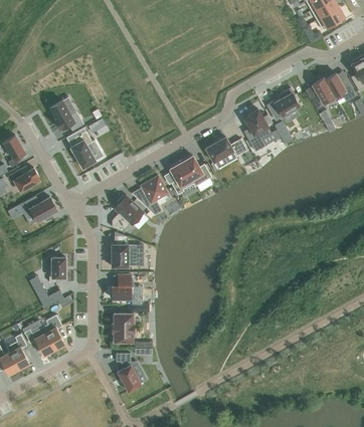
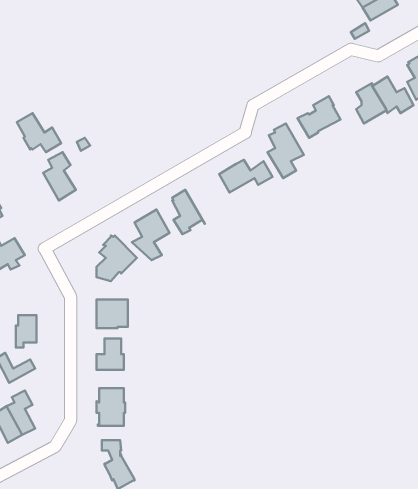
building: [180,156,211,187] -> none

